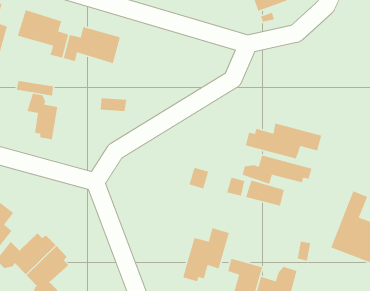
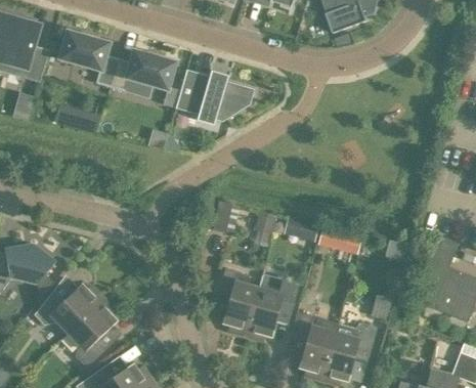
building: none -> [176,70,254,127]
building: [26,93,58,140] -> none
building: [245,123,322,160] -> none
building: [241,155,313,185] -> none
building: none -> [218,267,259,335]

